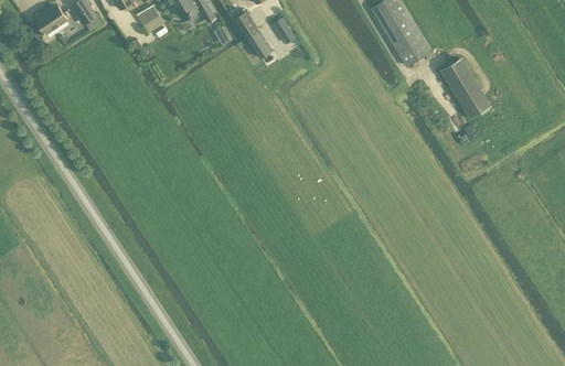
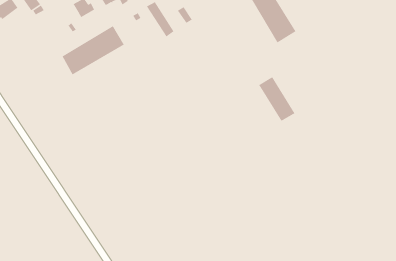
building: none -> [62,25,125,75]
building: [439,58,488,118] -> [258,76,295,122]

